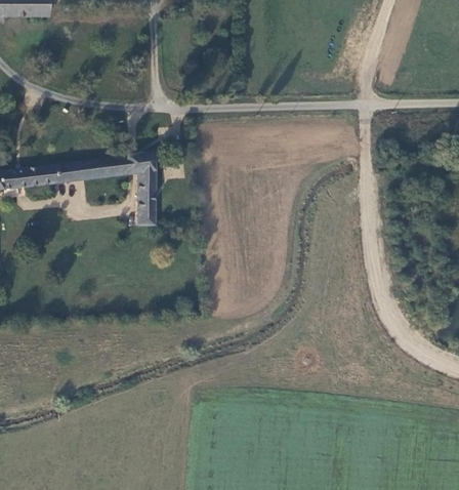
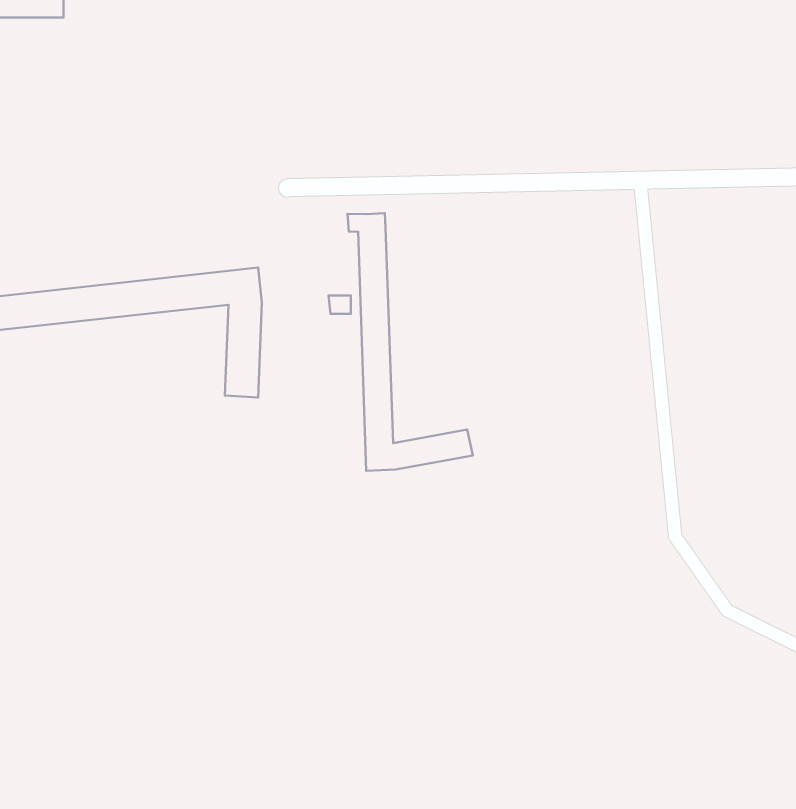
building: none -> [348,213,473,471]

